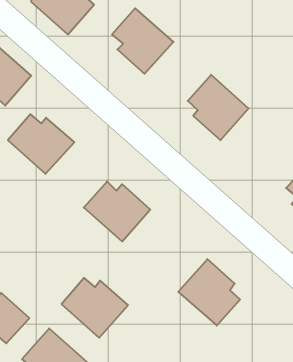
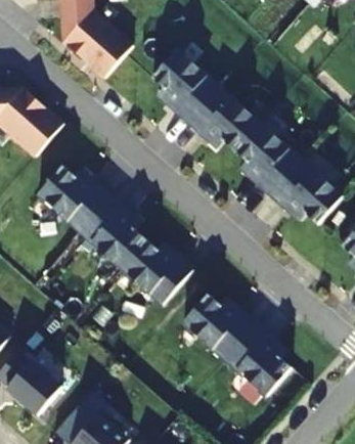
building: none -> [187,85,260,149]
building: none -> [270,158,343,223]
building: none -> [79,194,146,266]
building: [62,278,128,338] -> [183,293,256,358]

